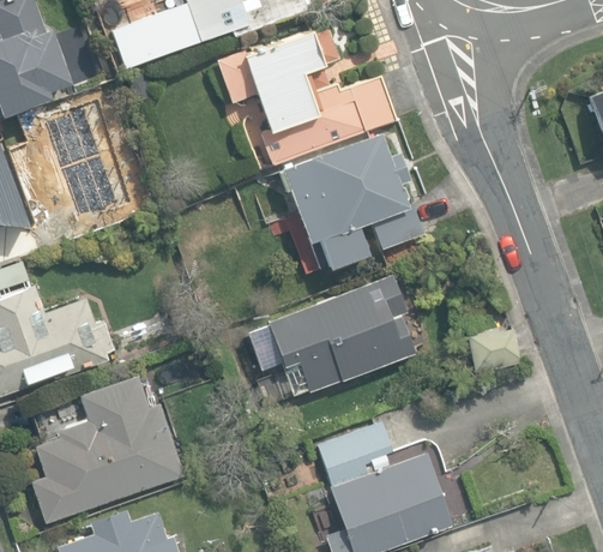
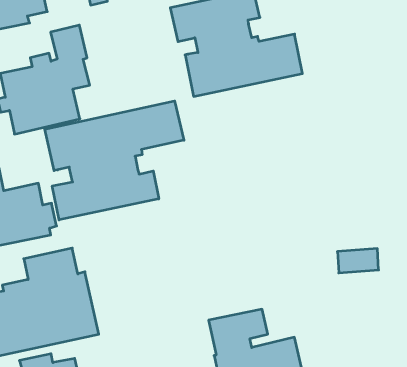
building: [278,133,423,269] -> none
building: none -> [45,101,184,220]
building: [246,272,415,396] -> none

